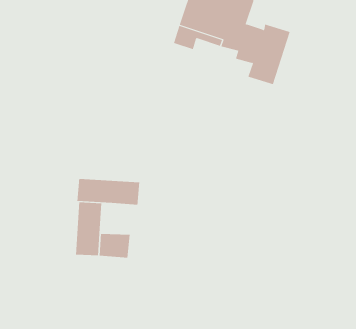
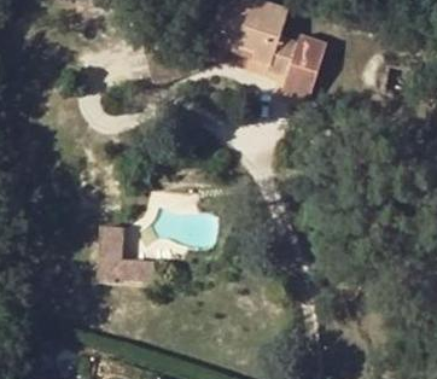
building: [77,178,140,206] -> none

